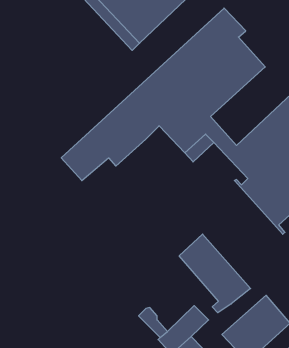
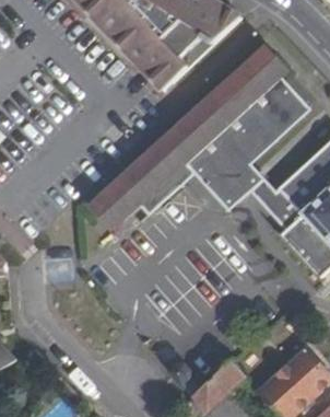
building: [179,234,251,313] -> none

